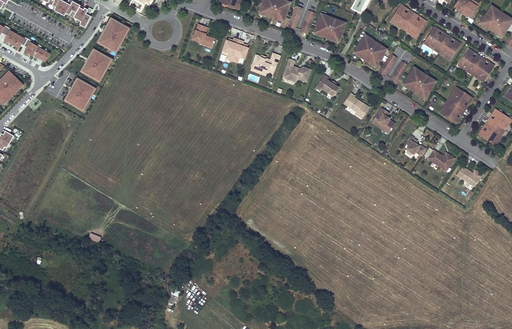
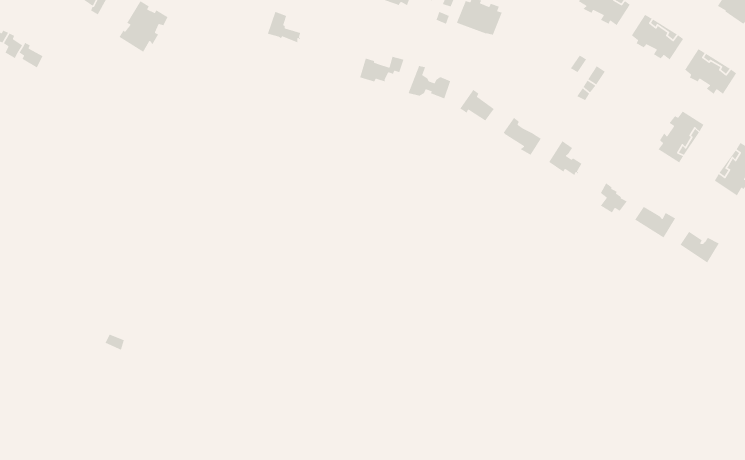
building: [354,37,384,66] -> none
building: [220,39,247,63] -> none
building: [82,49,112,80] -> none
building: [403,69,433,98] -> none
building: [63,78,95,109] -> none

